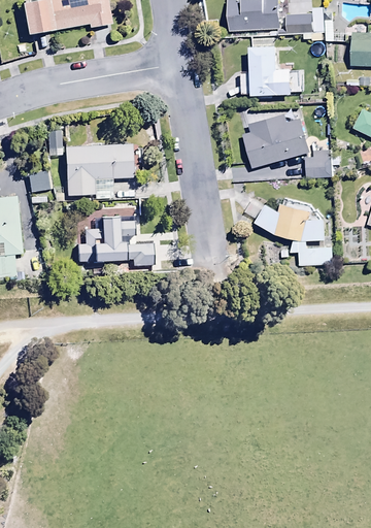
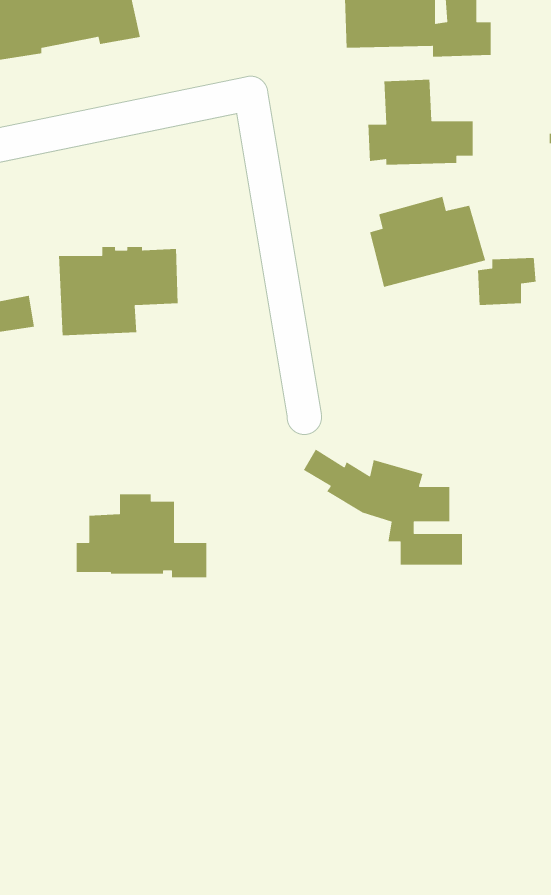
building: [243,198,335,265] -> [303,448,463,565]
building: [77,216,153,264] -> [76,494,207,578]

